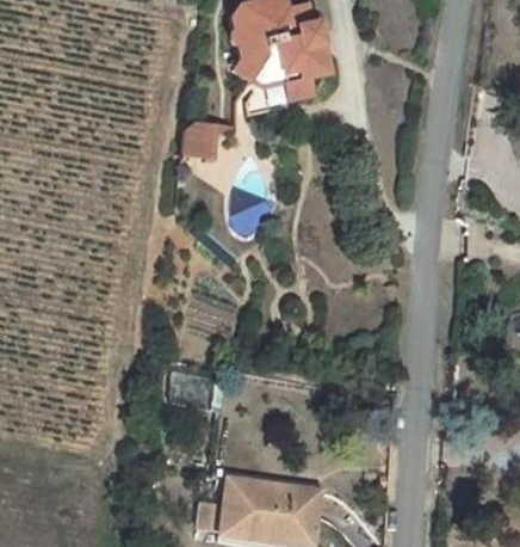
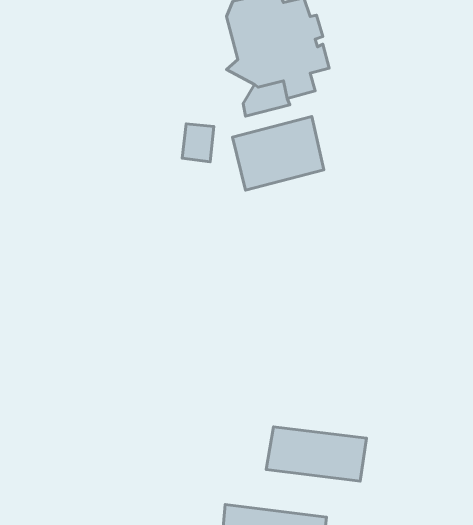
building: none -> [233,117,324,190]
building: none -> [266,427,366,481]

